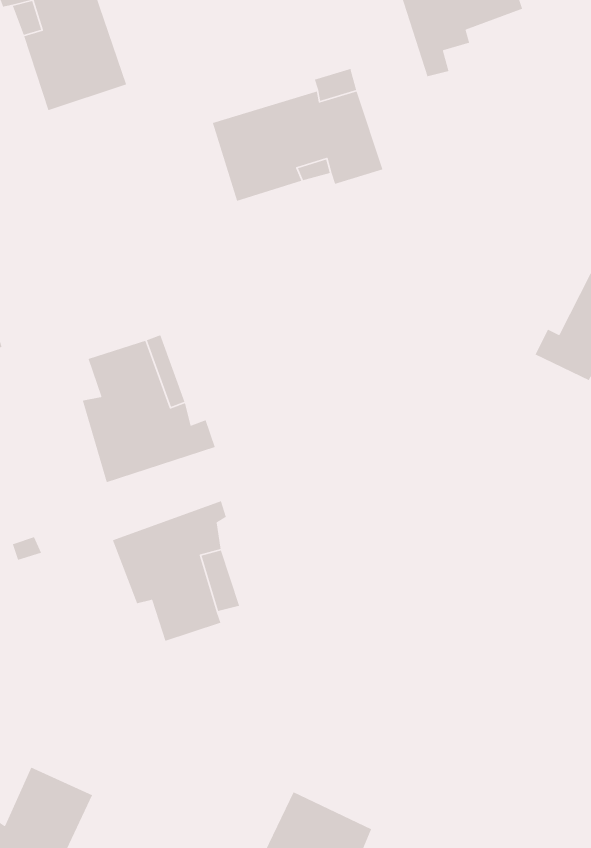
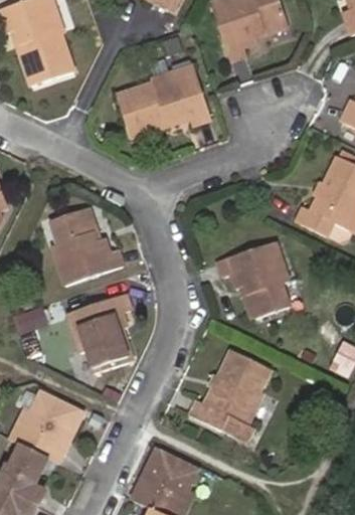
building: none -> [217,240,287,313]
building: none -> [186,349,268,425]
building: none -> [13,388,84,455]

